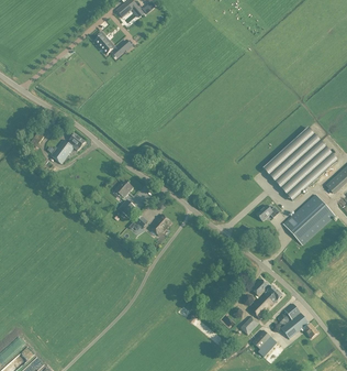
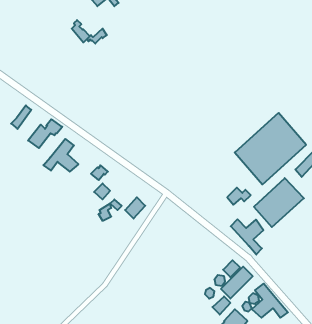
building: none -> [43,139,78,172]
building: none -> [231,219,263,255]

